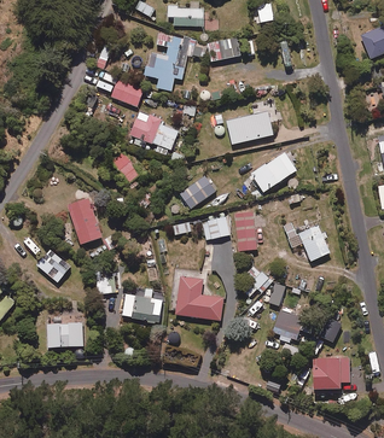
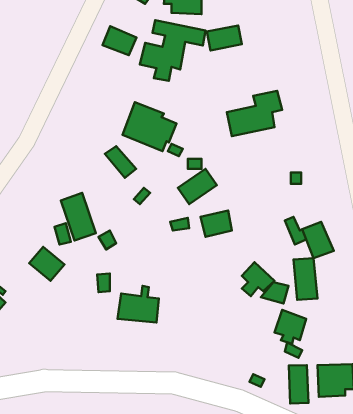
building: [111,77,144,105] -> [102,26,136,55]
building: [251,152,297,193] -> none
building: [234,210,257,250] -> [294,258,317,300]
building: [176,275,223,319] -> none
building: [47,322,82,346] -> none
building: none -> [289,365,309,403]

